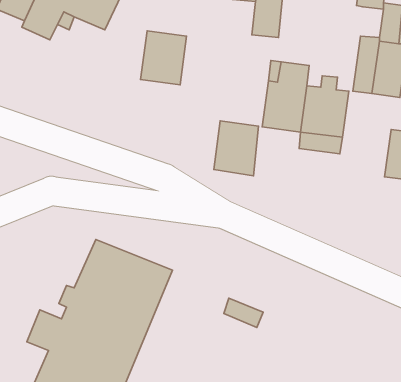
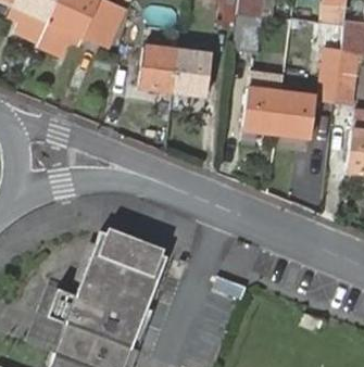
building: [214,121,259,176] -> [173,50,211,97]

